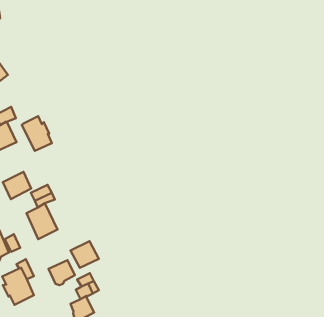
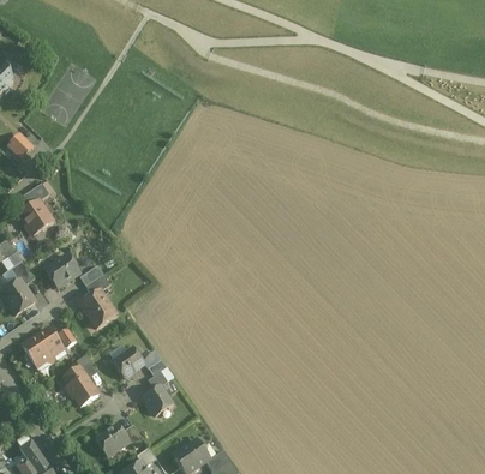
building: [22,116,52,151] -> none
building: [71,241,99,268] -> none

